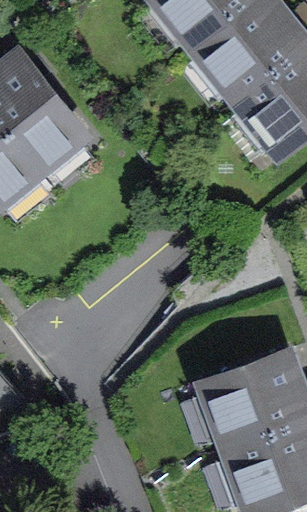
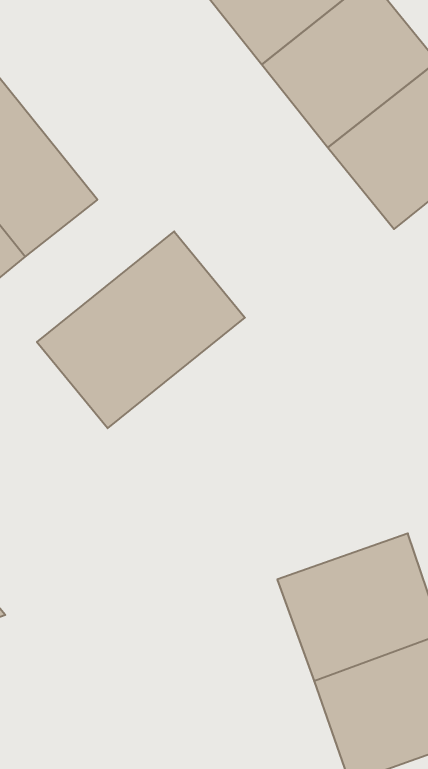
building: none -> [37,231,245,428]

